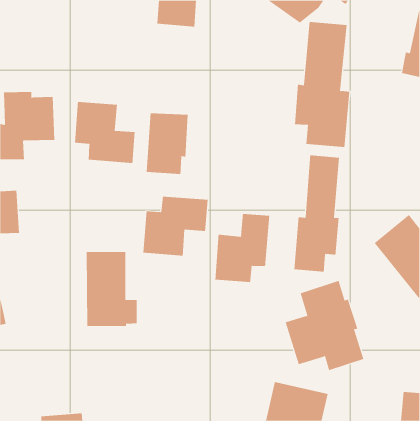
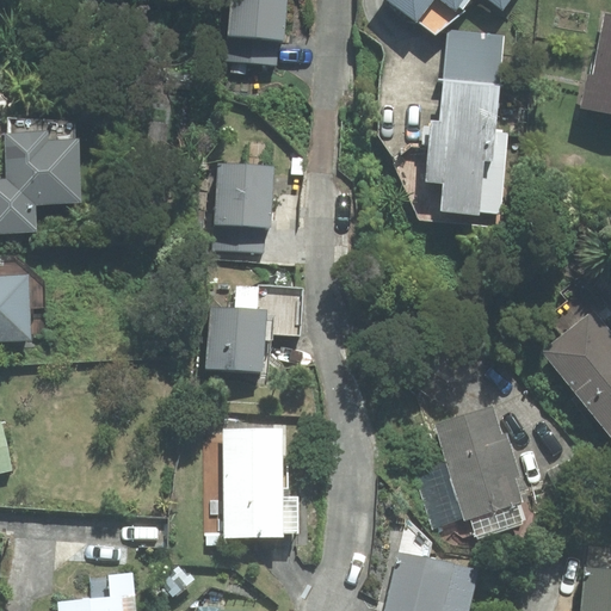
building: [74,101,135,164] -> none
building: [294,154,339,273] -> none
building: [215,213,270,283] -> none
building: [86,252,138,327] -> [222,428,297,537]

